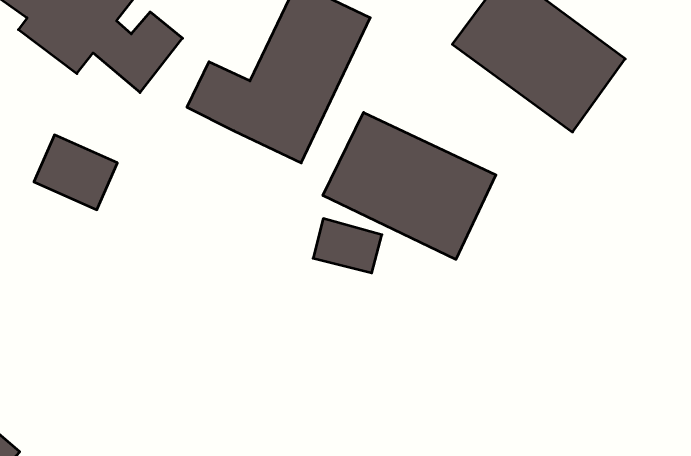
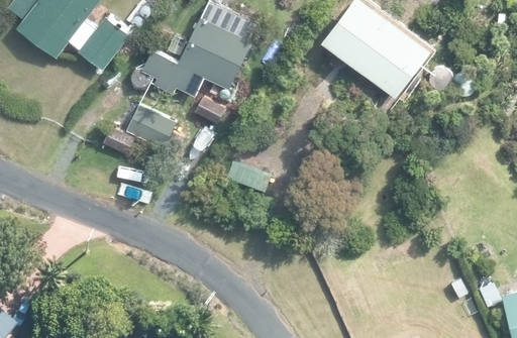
building: [323,112,496,259] -> none
building: [34,135,117,210] -> [121,103,179,154]

